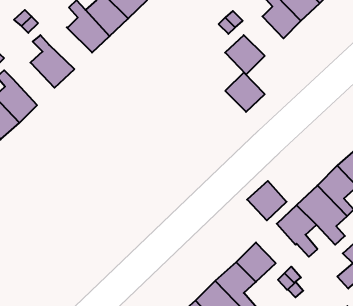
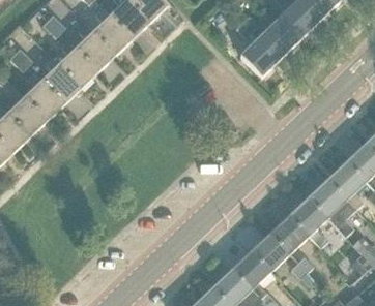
building: none -> [76,21,116,69]
building: none -> [41,63,81,103]
building: [225,72,265,112] -> [259,20,296,57]
building: [247,181,287,220] -> [270,215,308,252]

